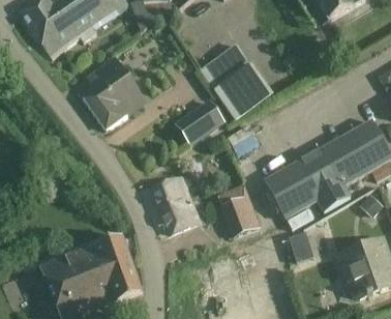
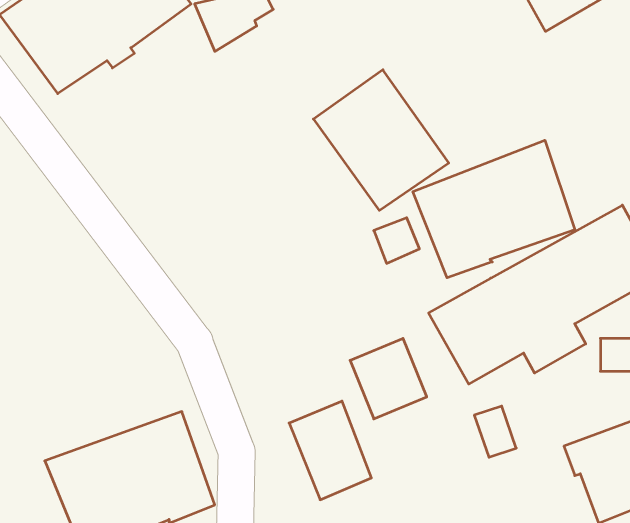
building: [76,58,145,129] -> none
building: none -> [413,140,575,278]
building: [181,100,223,144] -> none
building: [152,176,199,232] -> [289,401,371,500]

